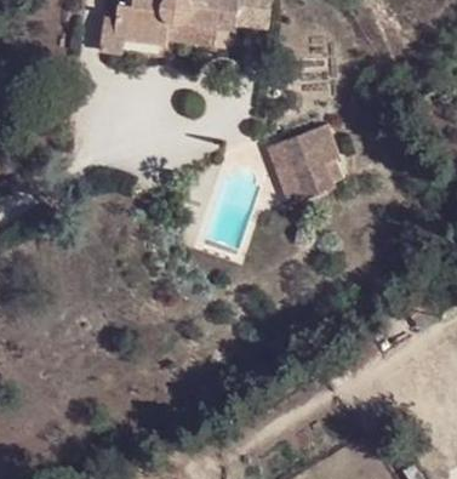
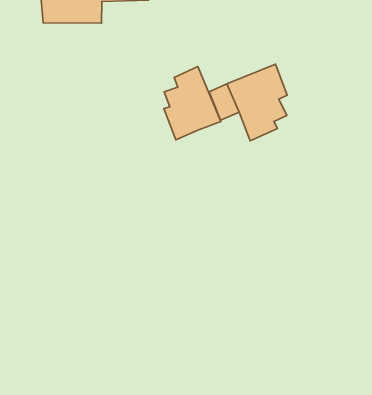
building: none -> [164,66,221,140]

